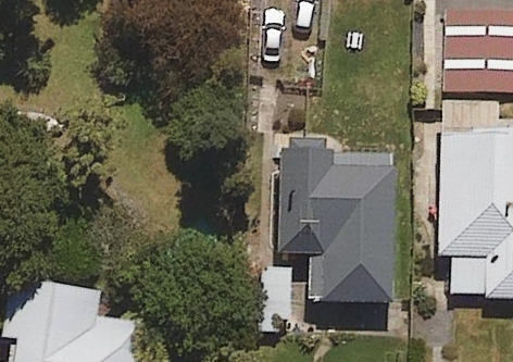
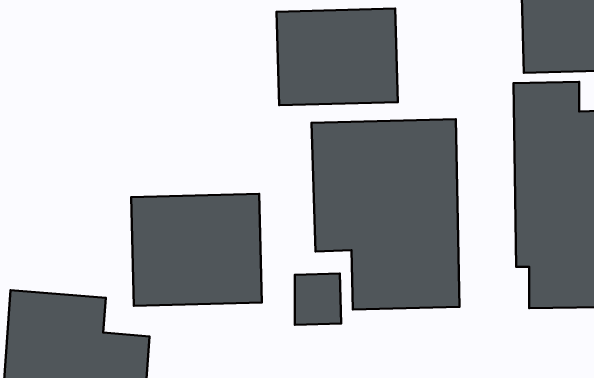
building: none -> [277,9,398,105]
building: none -> [131,194,262,306]

